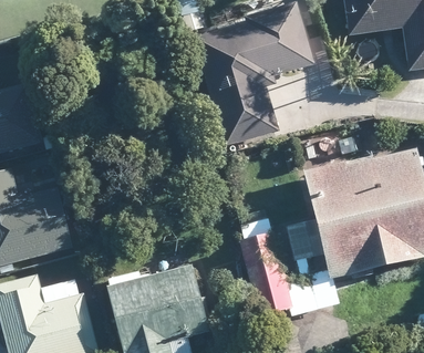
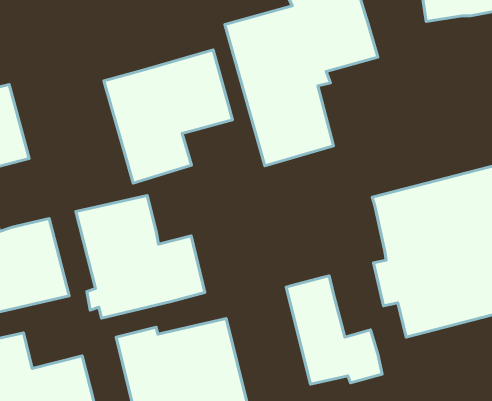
building: none -> [104,50,233,183]
building: none -> [76,195,205,318]

